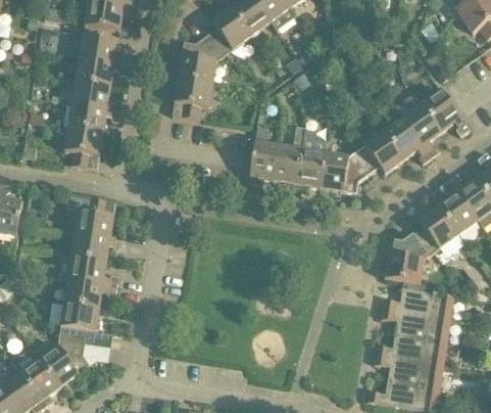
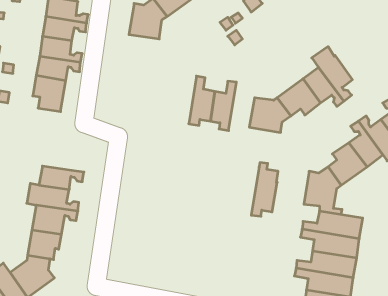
building: [171,79,213,121] -> none
building: [421,89,470,136] -> none
building: [295,130,327,193] -> [251,163,278,216]
building: [66,194,116,239] -> none

